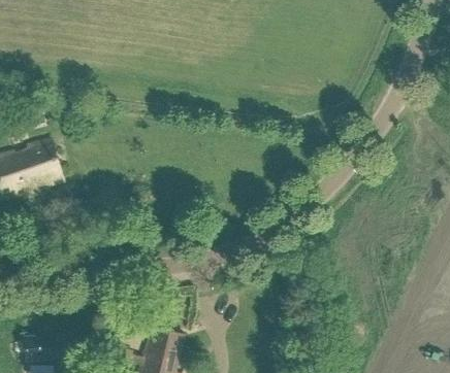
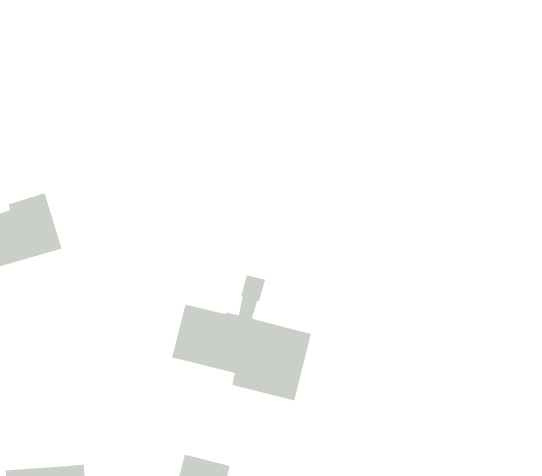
building: none -> [171,275,311,401]

